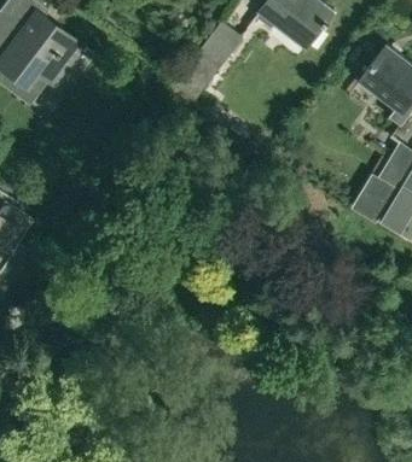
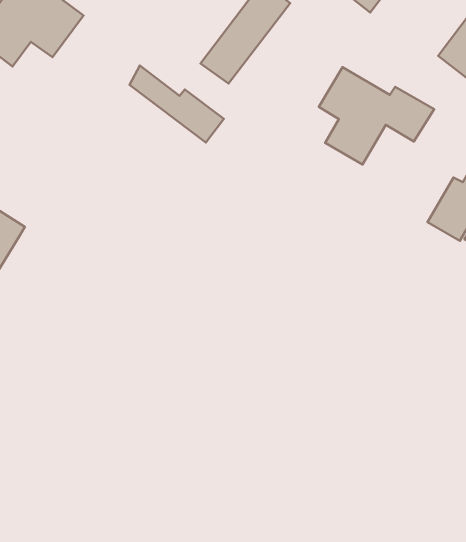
building: none -> [130,65,224,142]
building: none -> [319,67,434,164]

